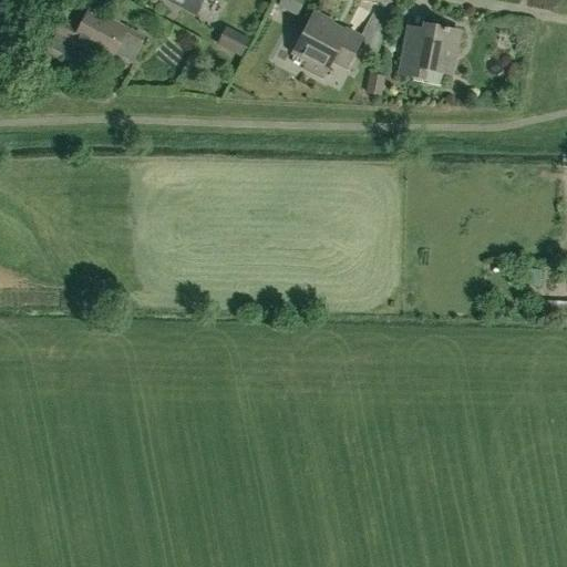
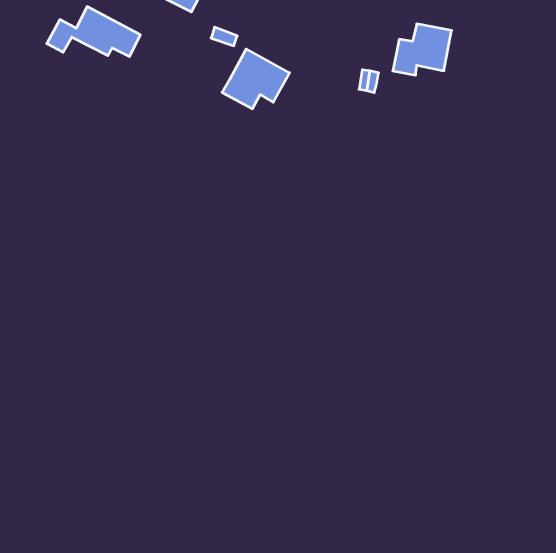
building: [291,12,360,73] -> [222,49,290,109]

